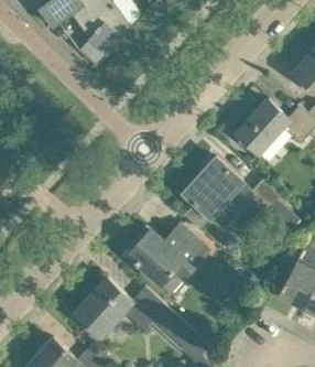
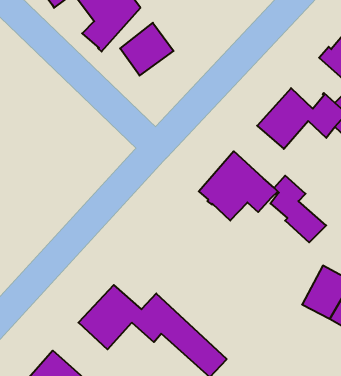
building: none -> [120,23,174,76]
building: [128,225,206,283] -> none

